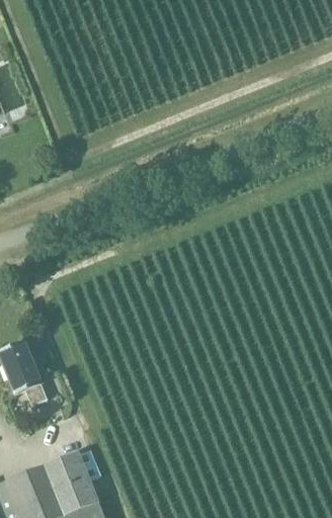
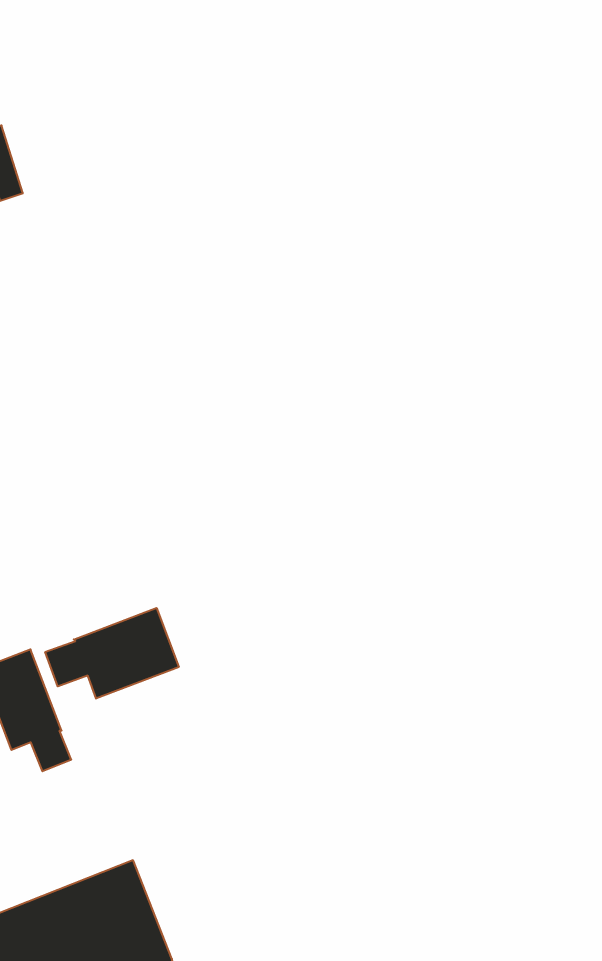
building: none -> [45,608,179,699]

